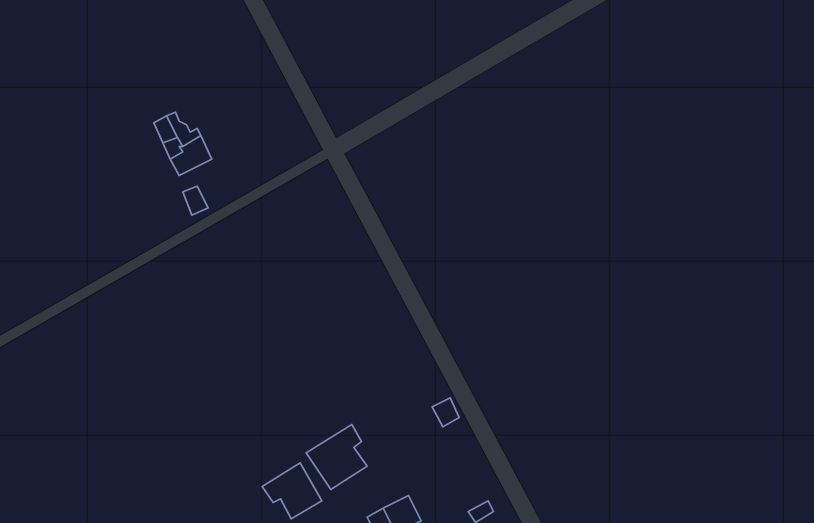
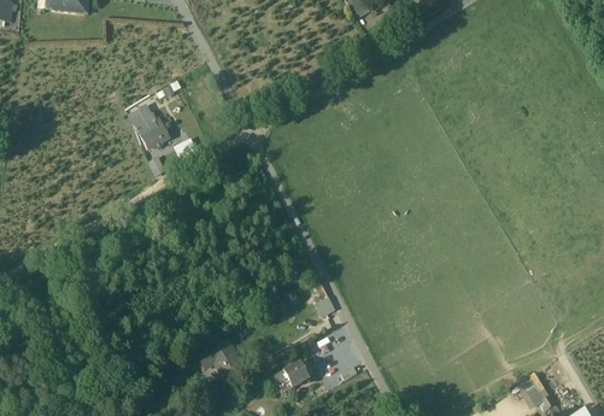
building: [306,424,367,489] -> none

